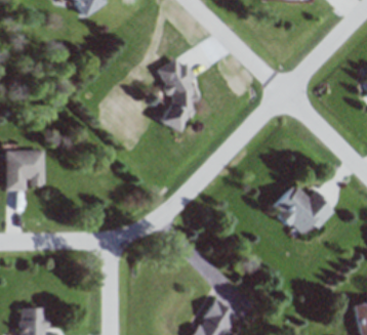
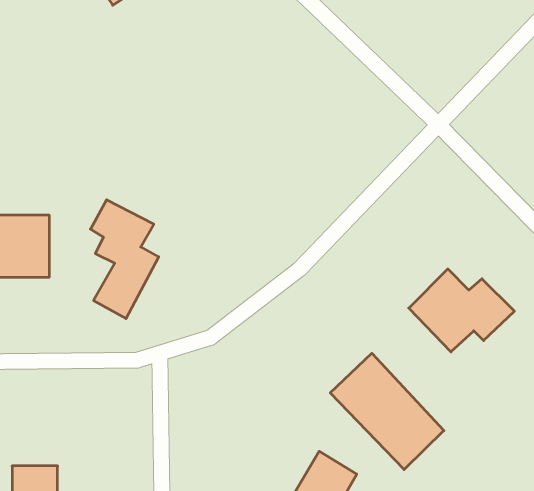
building: [158,58,201,133] -> [90,200,159,319]
building: none -> [330,353,444,470]

